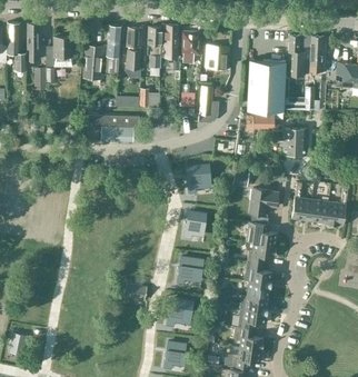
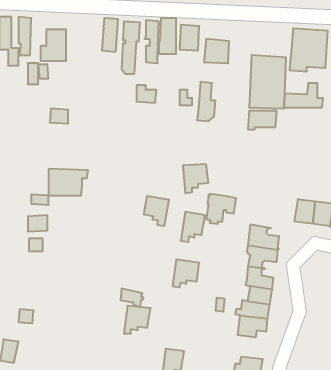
building: [84,46,103,80] -> none
building: [101,116,139,141] -> [49,169,88,196]
building: [284,127,307,155] -> none
building: [249,189,278,218] -> [206,194,236,224]
building: none -> [144,196,169,226]
building: [167,299,192,326] -> [124,306,151,334]
building: [233,328,263,351] -> none

